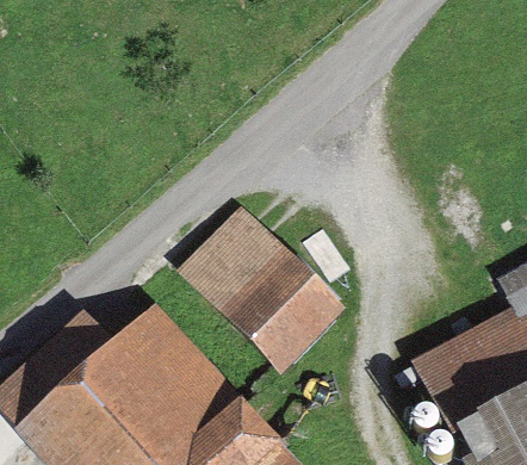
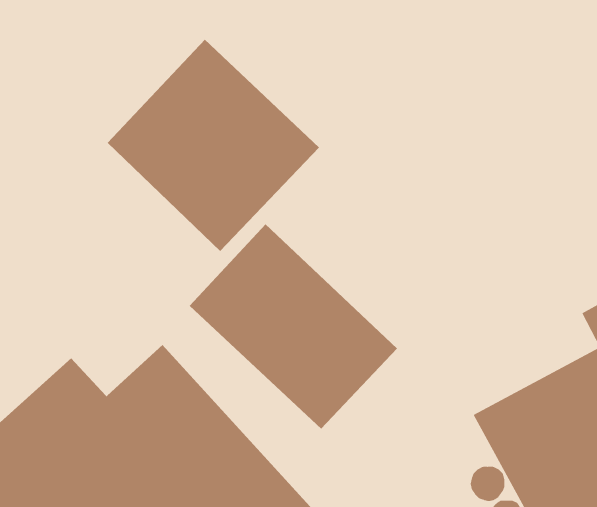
building: none -> [107,39,320,252]

